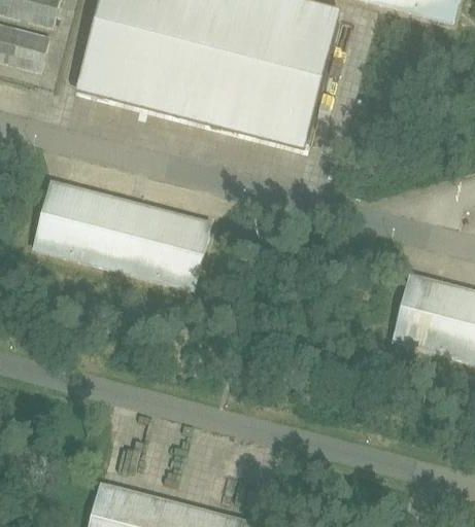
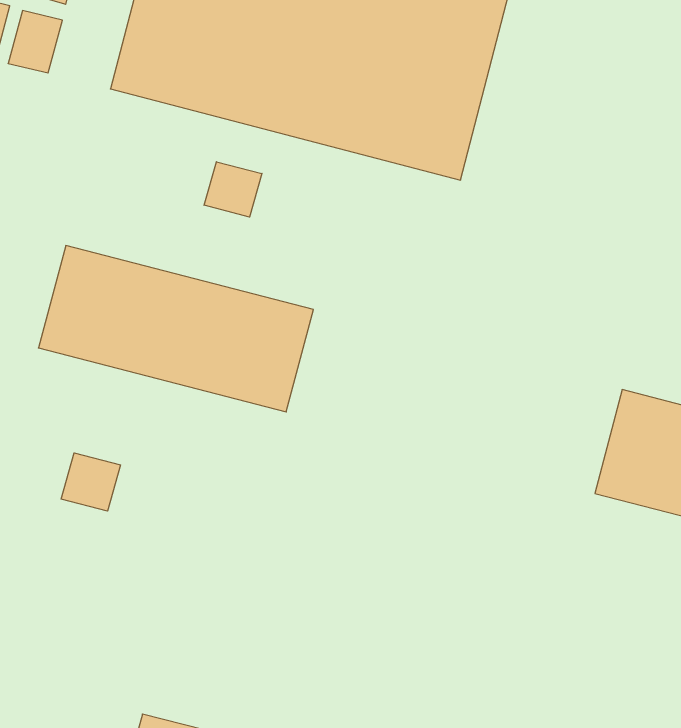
building: none -> [204,162,262,217]
building: none -> [61,453,121,511]

